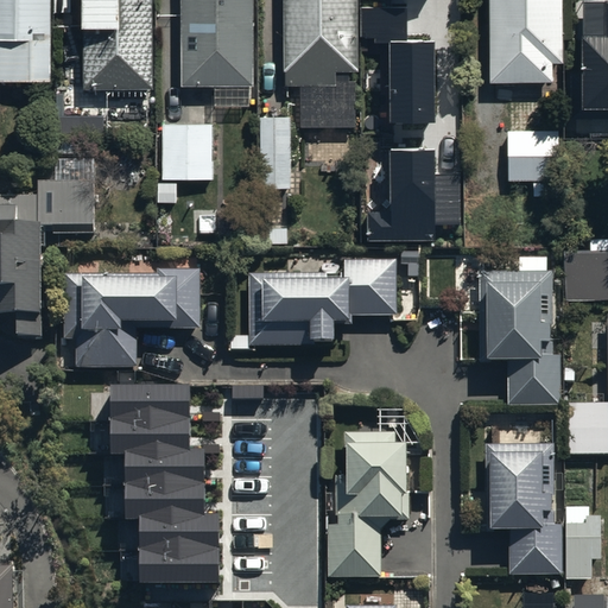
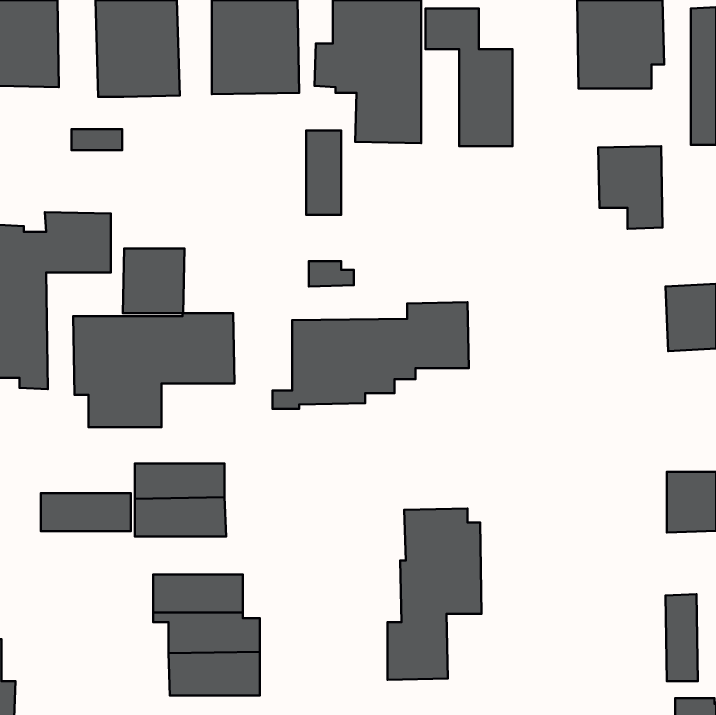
building: [160,120,213,175] -> [123,249,184,313]
building: [366,152,460,242] -> none
building: [476,254,558,403] -> none
building: [489,445,562,578] -> none
building: [129,456,205,488] -> [41,493,131,531]

